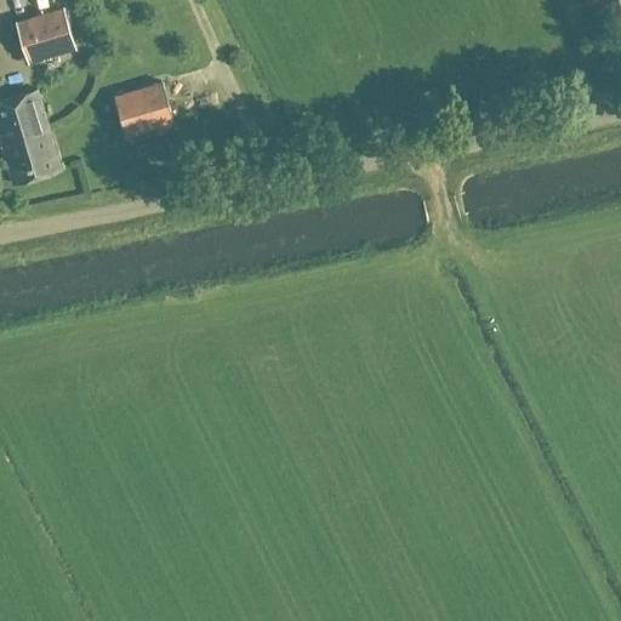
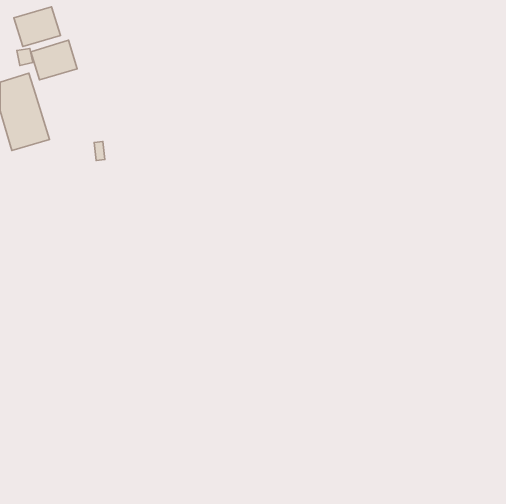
building: [115,85,172,133] -> [31,40,77,80]

